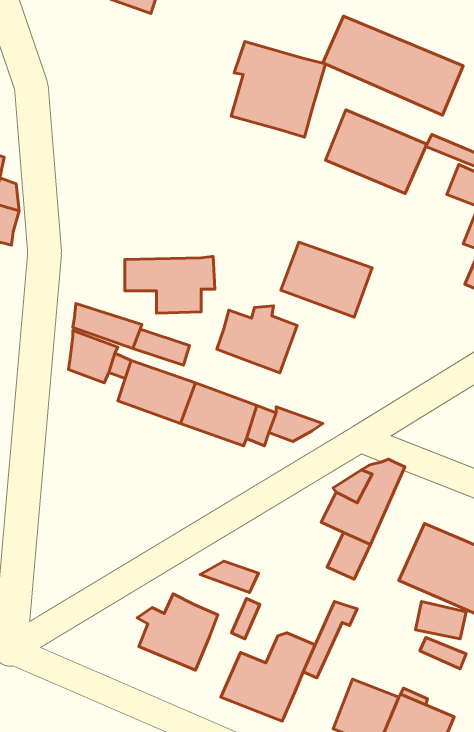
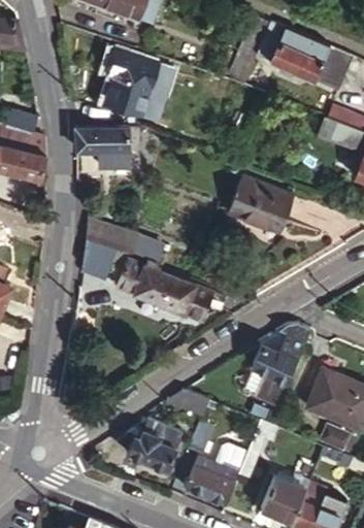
building: [231,41,325,137] -> [102,51,167,117]
building: [326,110,427,193] -> none
building: [125,256,215,313] -> [73,127,135,166]
building: [217,306,297,373] -> none

